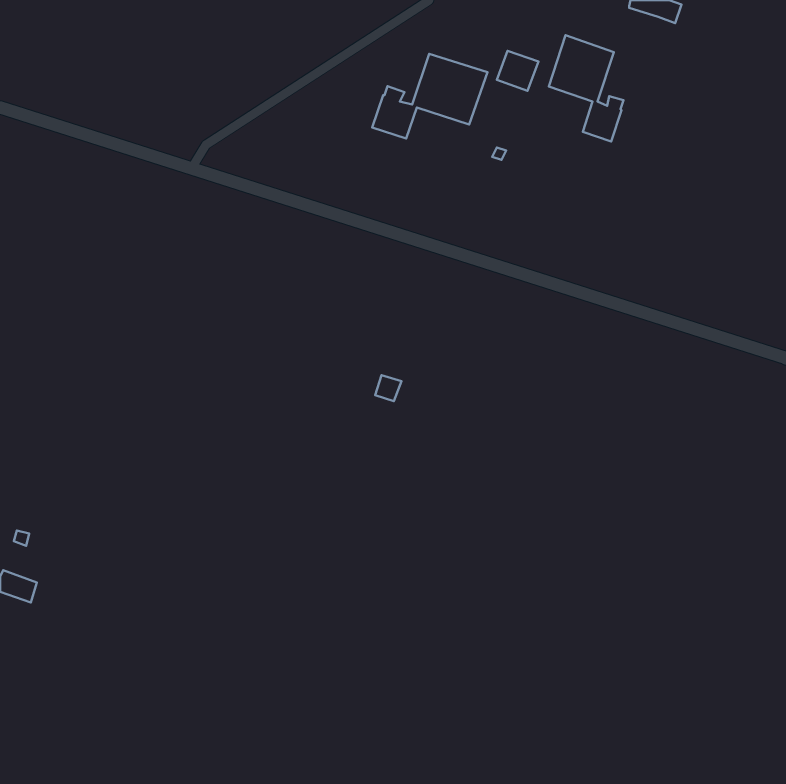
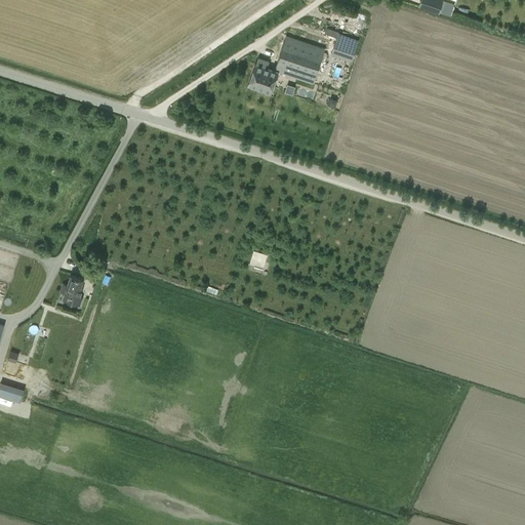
building: [549,35,624,142] -> none
building: none -> [59,276,84,307]

